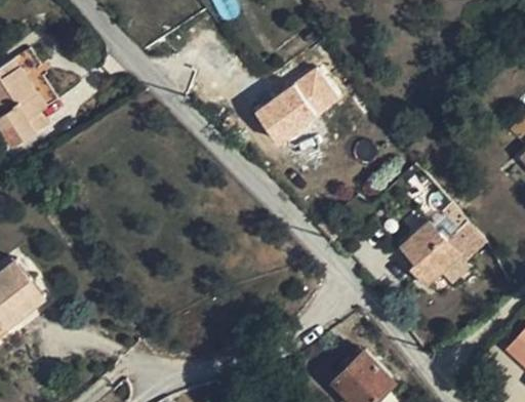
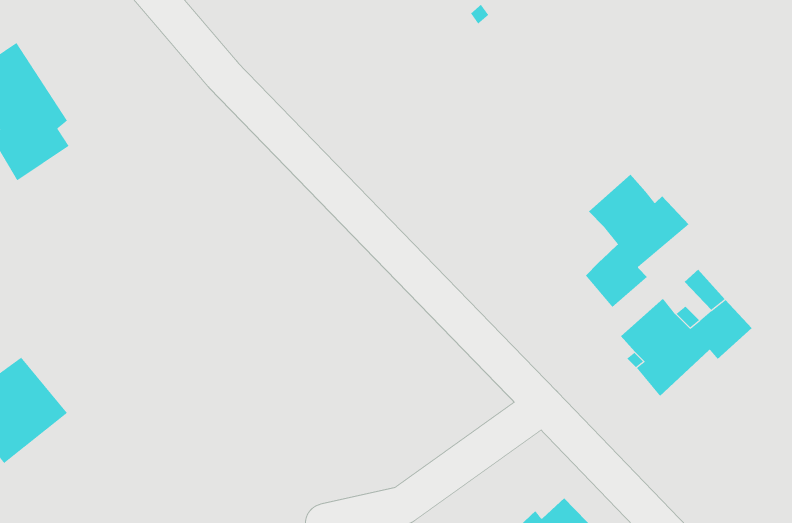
building: [249,70,337,148] -> none
building: none -> [585,174,690,308]

